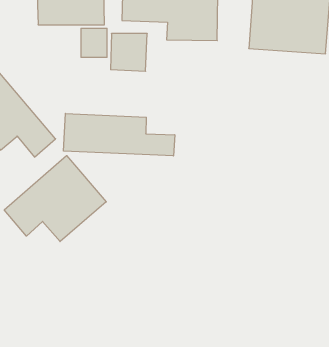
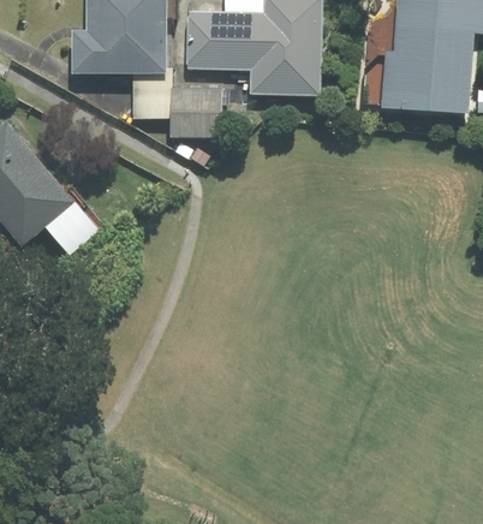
building: [64,113,175,156] -> none
building: [4,156,106,242] -> none

